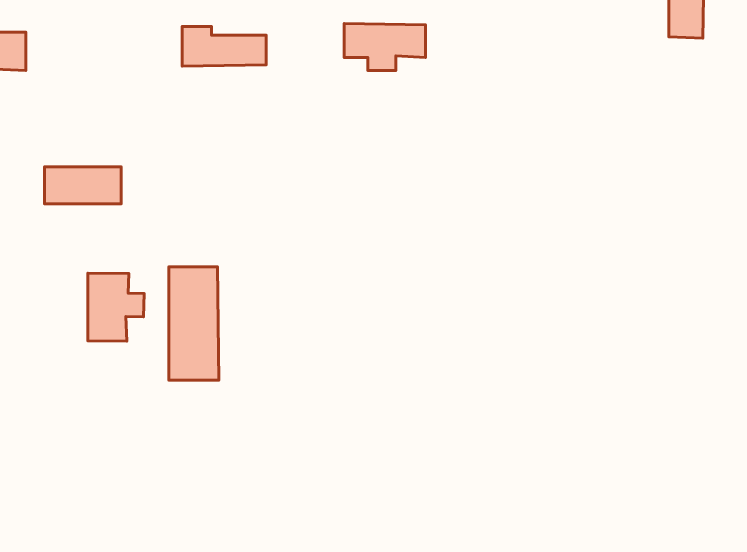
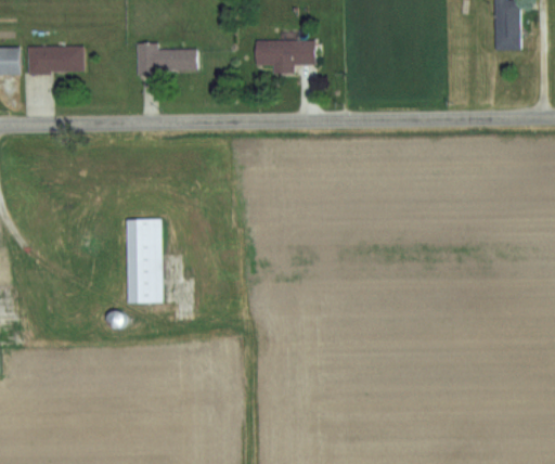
building: [44,167,121,204] -> [28,46,85,73]
building: [88,273,144,341] -> none

